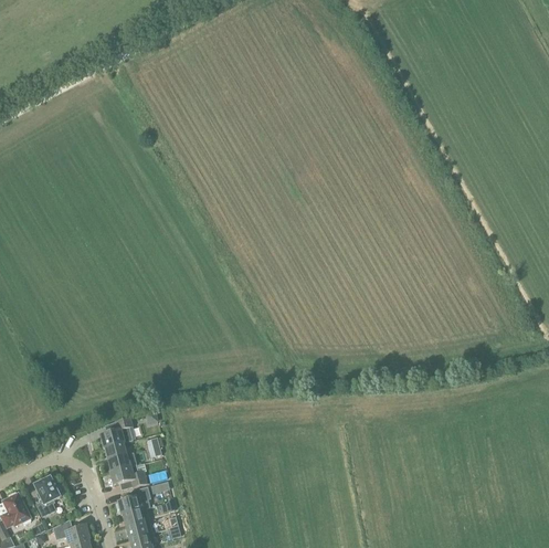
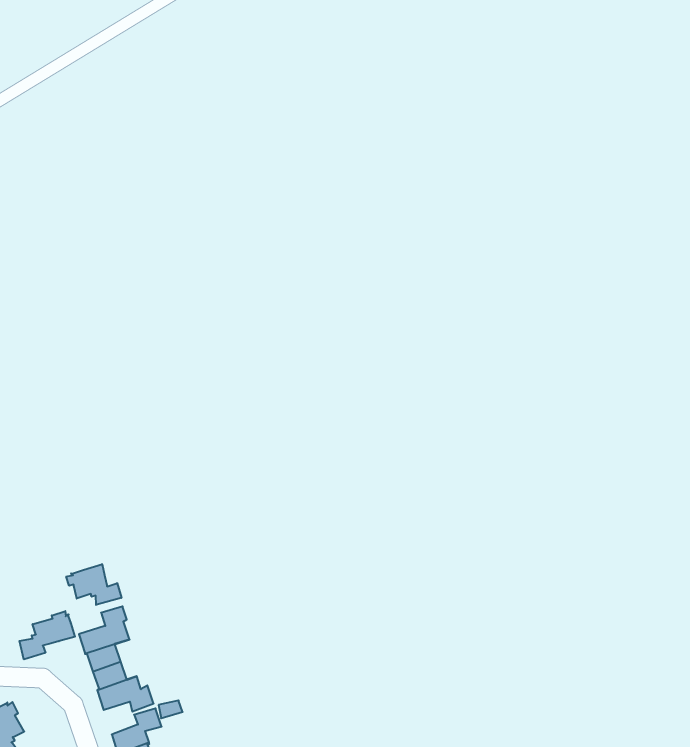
building: none -> [66,564,121,605]
building: none -> [19,611,75,659]

